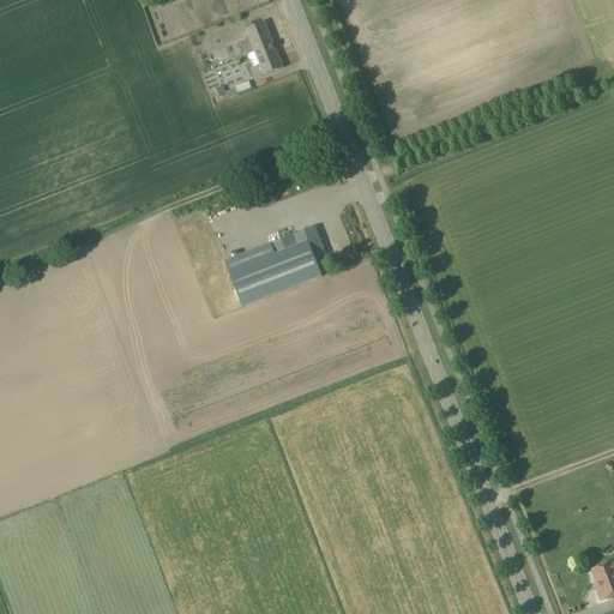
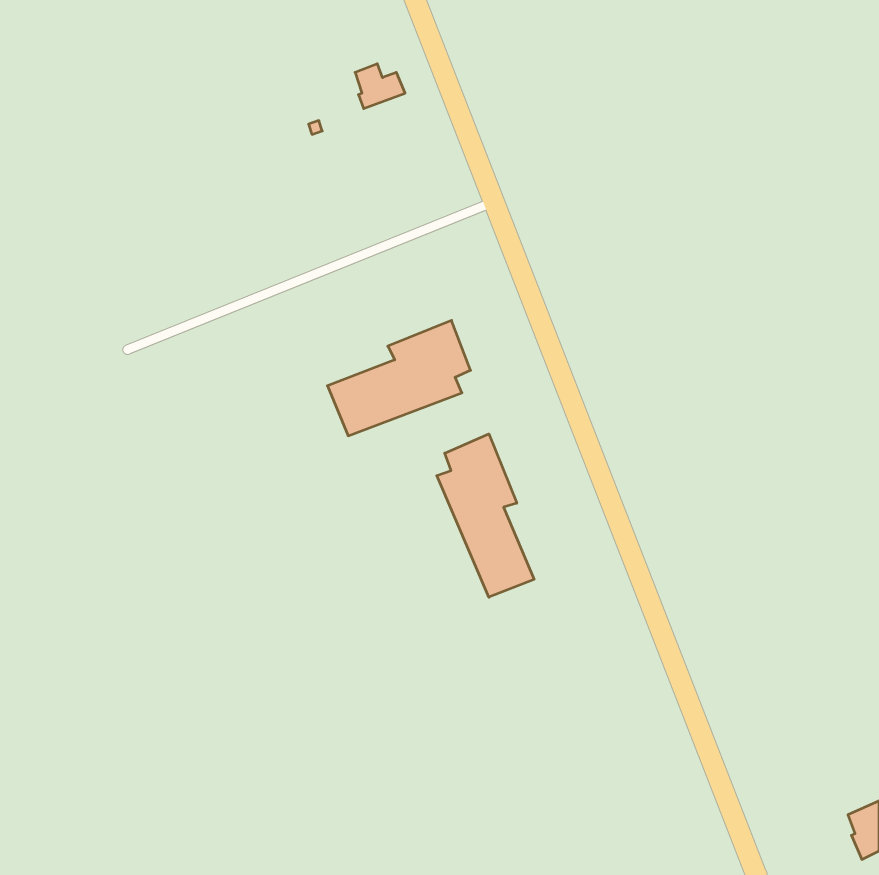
building: [222,19,276,54] -> none
building: none -> [437,434,534,597]

